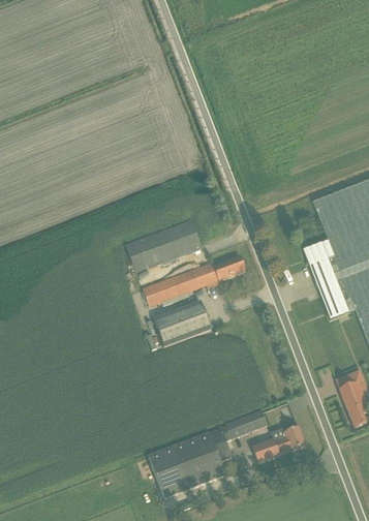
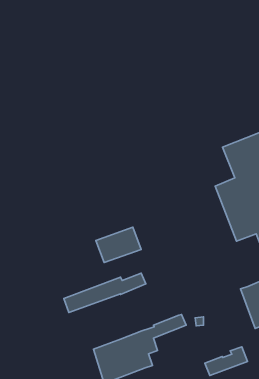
building: [126,220,202,272] -> none
building: [143,255,246,305] -> [64,273,146,313]
building: [252,426,306,462] -> [205,347,247,375]

